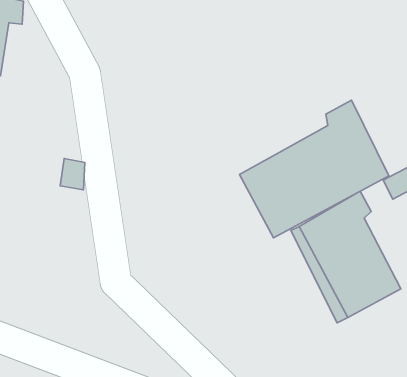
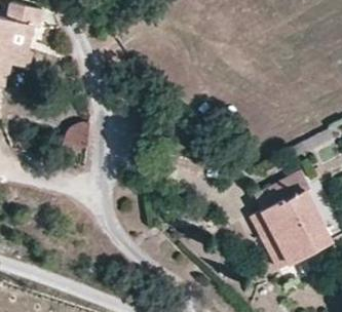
building: [240,100,389,238] -> none

